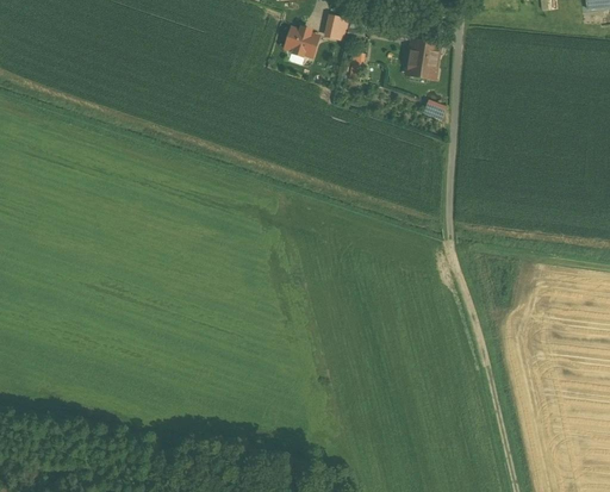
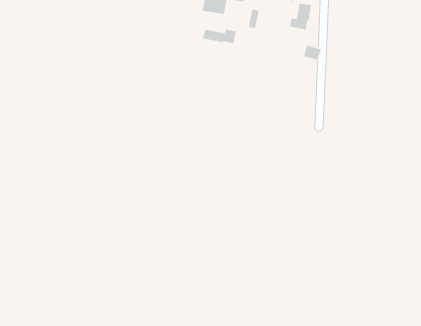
building: none -> [202,29,236,44]

